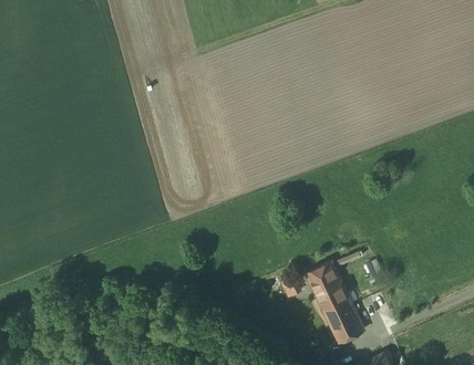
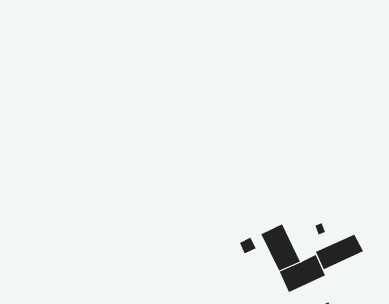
building: none -> [315,234,364,270]

